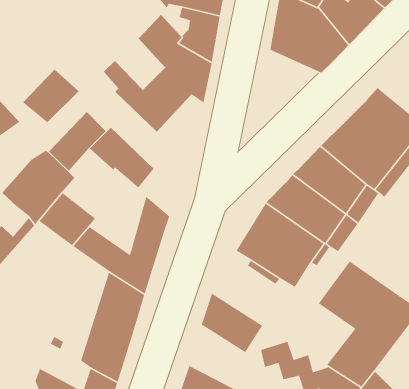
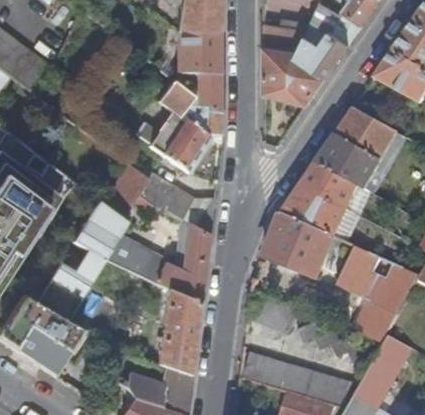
building: [22,69,80,123] -> none

